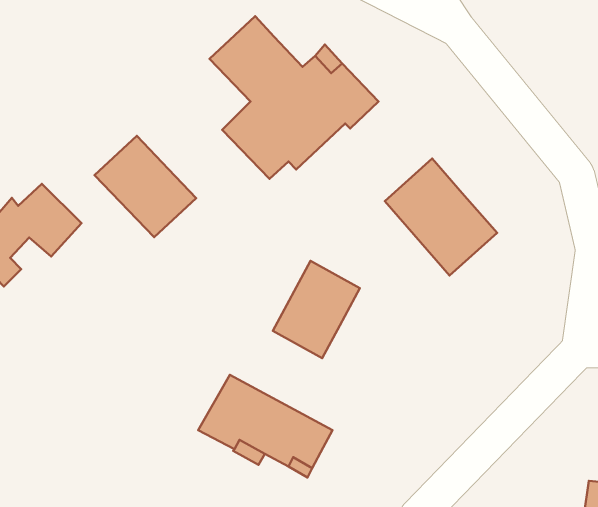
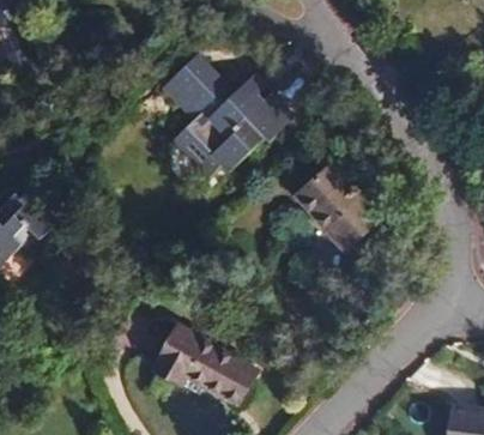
building: [94,136,196,237] -> none
building: [273,261,360,358] -> none

